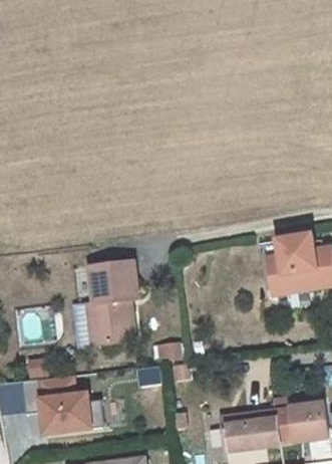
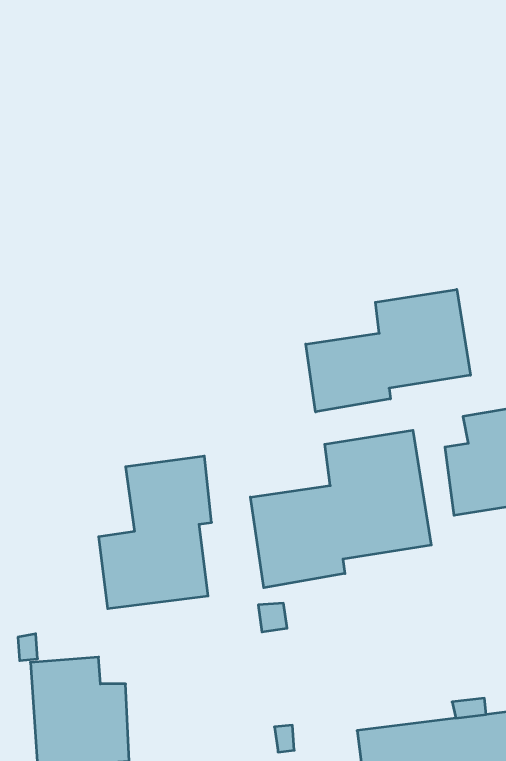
building: none -> [306,289,470,412]
building: none -> [250,430,431,588]

